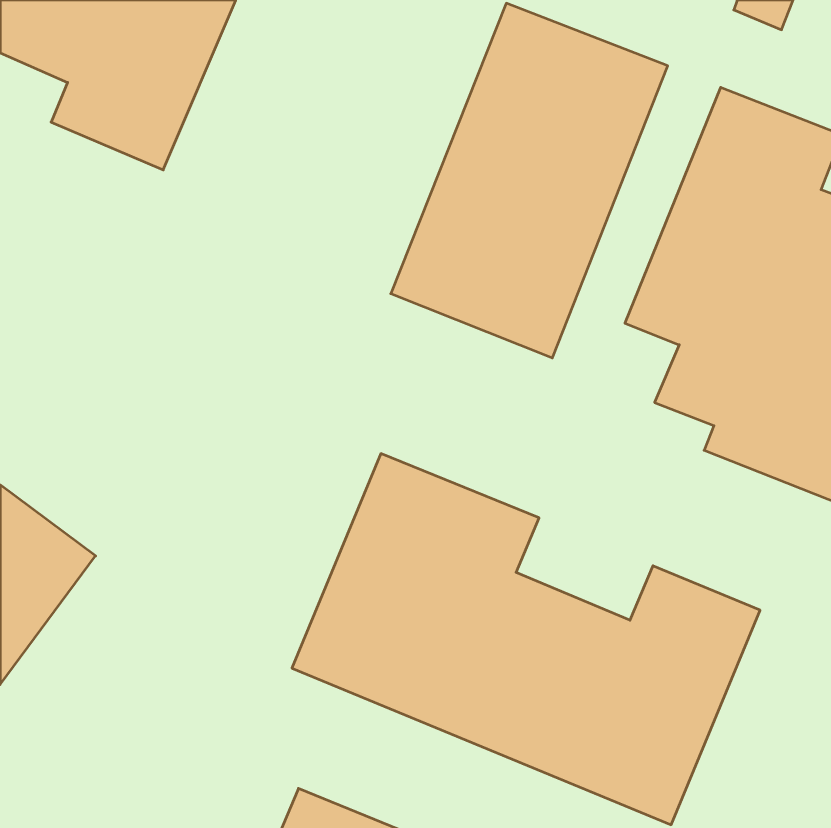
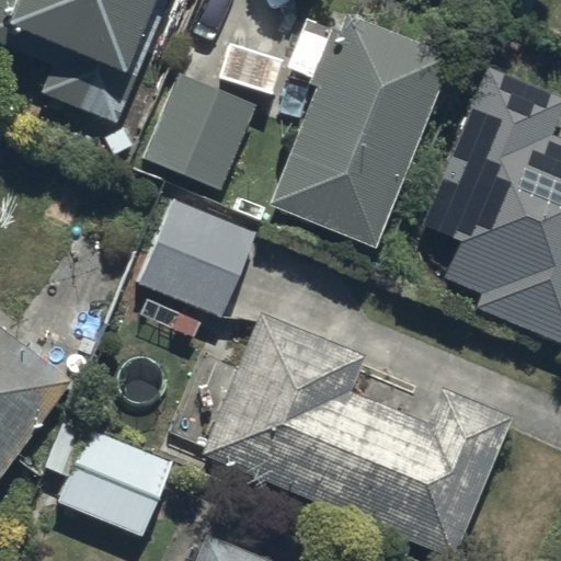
building: none -> [145,75,256,190]
building: none -> [140,201,256,318]
building: none -> [59,430,173,537]

